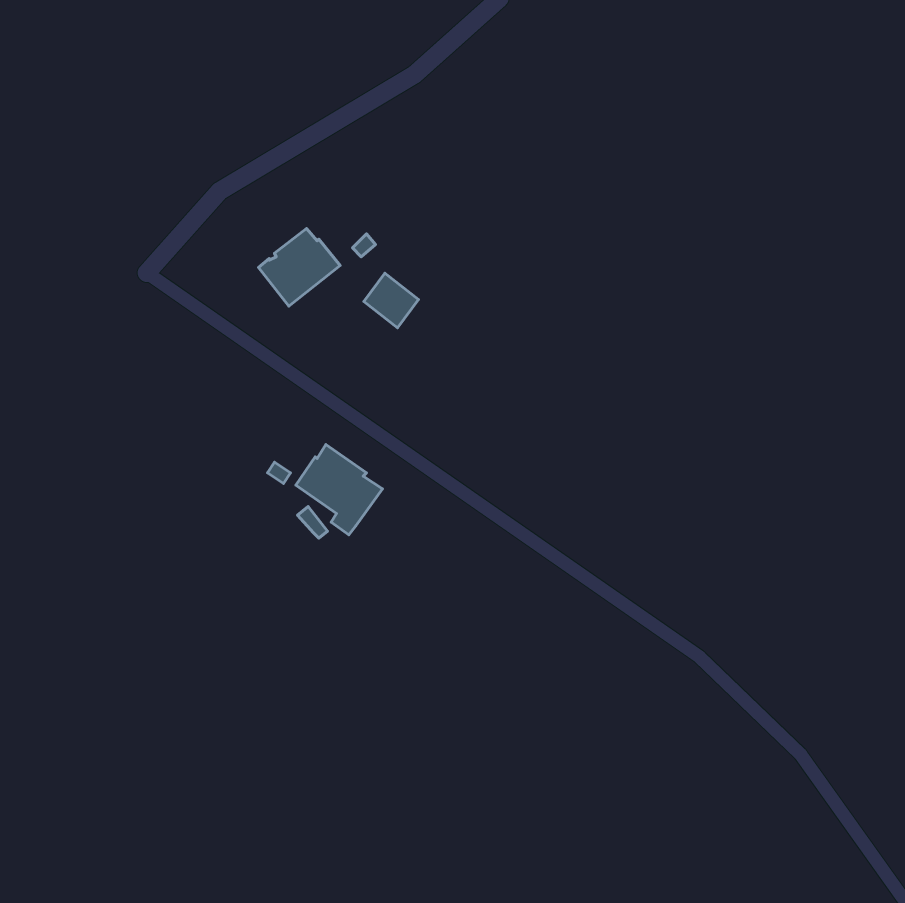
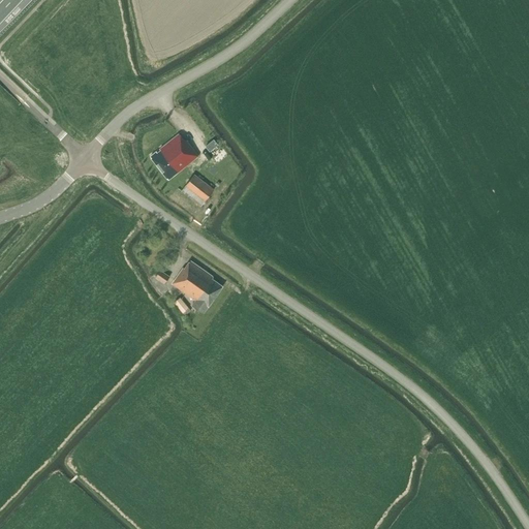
building: [364,273,419,328] -> [182,174,214,206]

